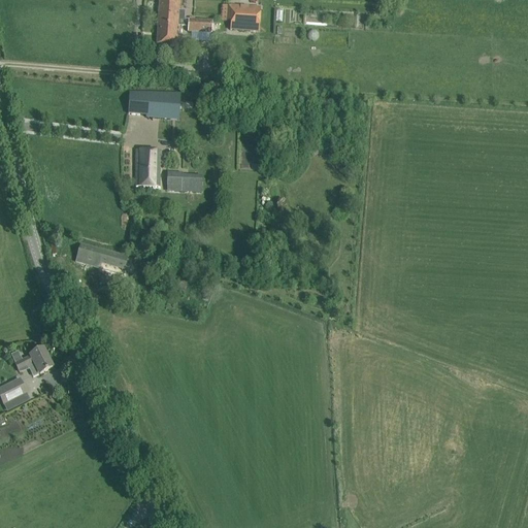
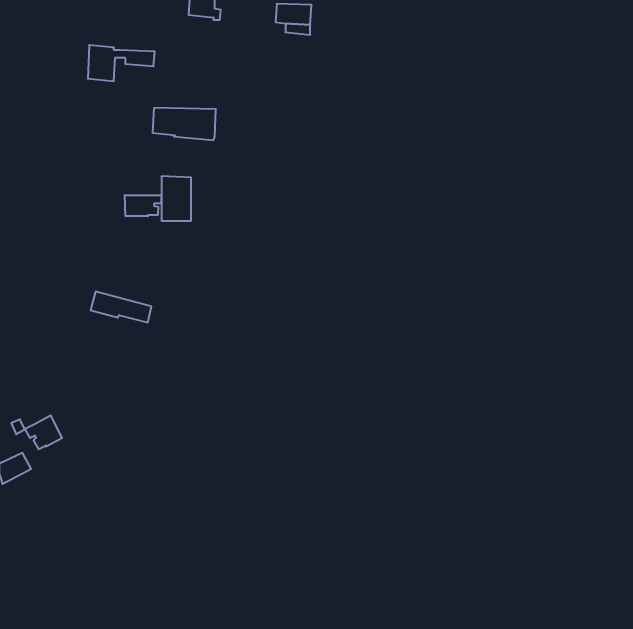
building: [156,12,211,42] -> [88,45,155,81]
building: none -> [125,195,161,216]
building: [166,169,194,189] -> none

